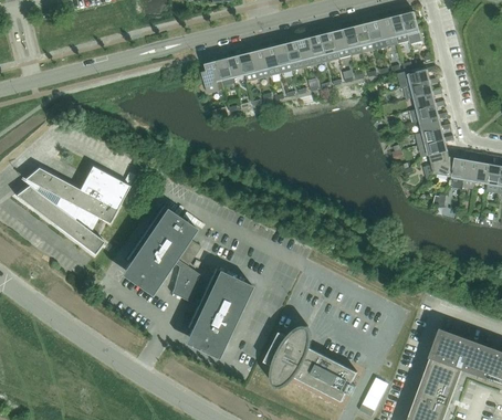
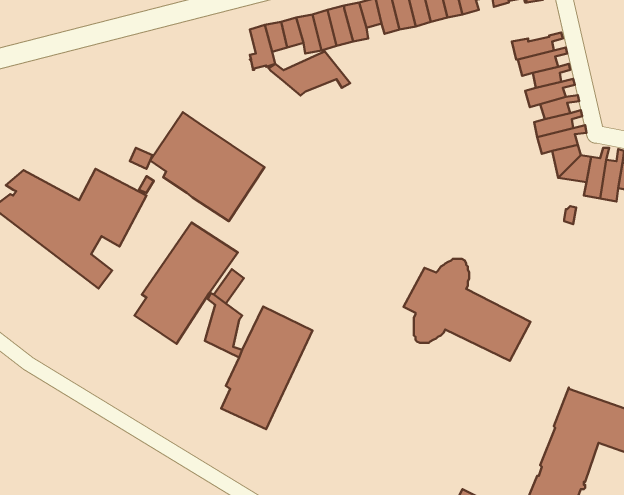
building: none -> [269,51,350,95]
building: none -> [150,112,265,221]
building: [264,325,358,400] -> [403,259,531,361]

